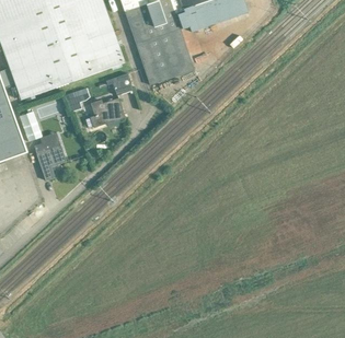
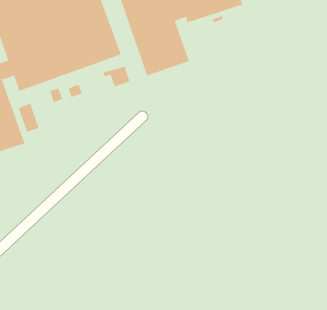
building: [91,97,124,126] -> none
building: [34,137,66,180] -> none

